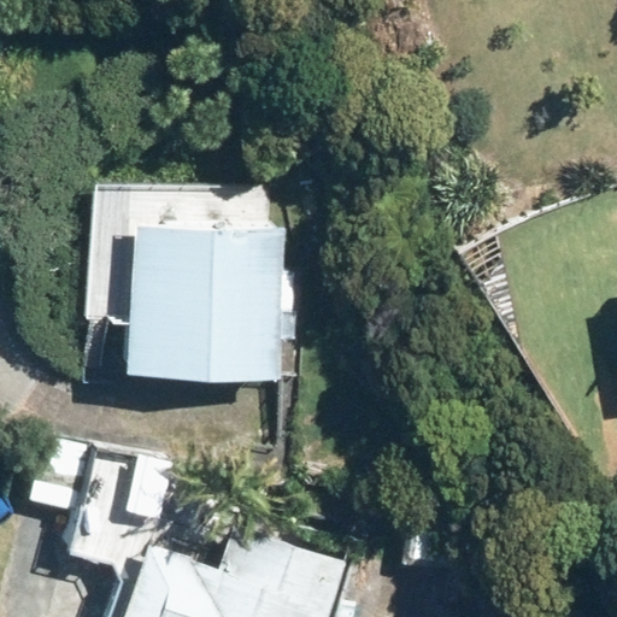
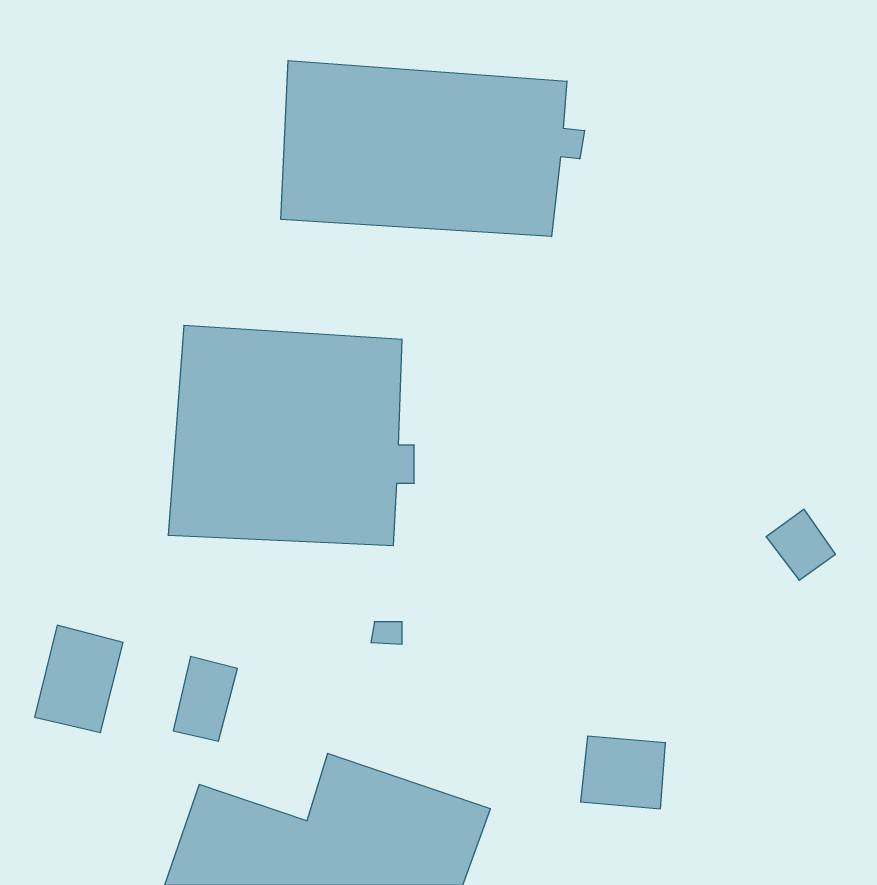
building: none -> [281,60,585,237]

